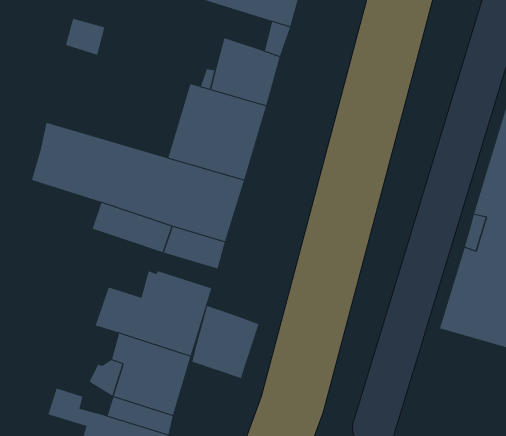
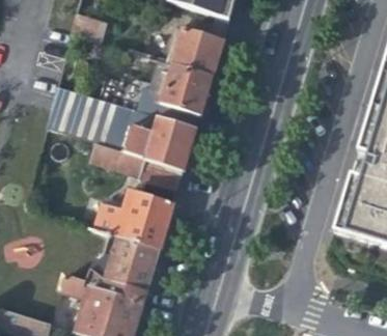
building: [192,305,259,379] -> none

